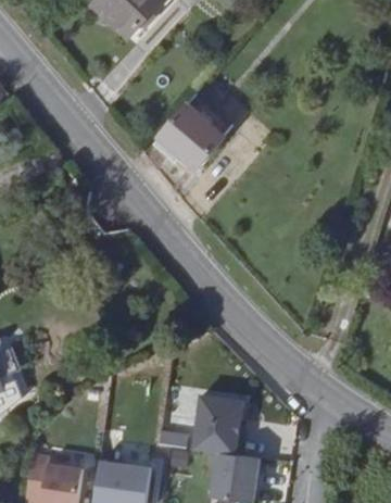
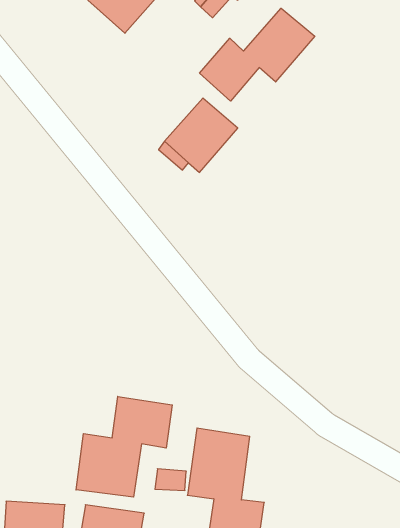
building: none -> [200,8,315,101]
building: none -> [76,396,172,497]

